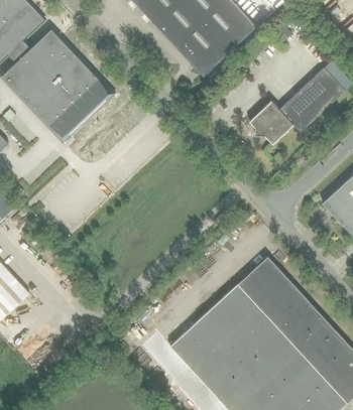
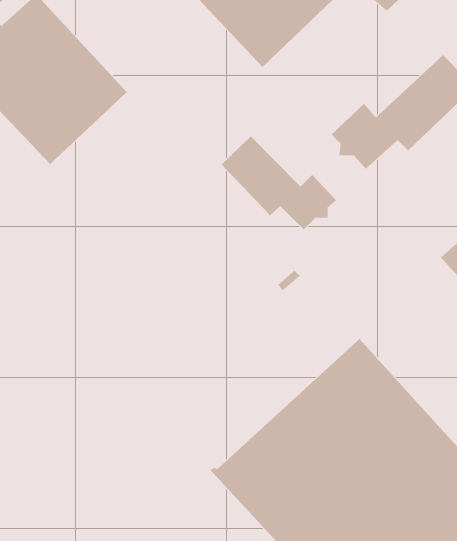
building: none -> [221,136,337,230]

